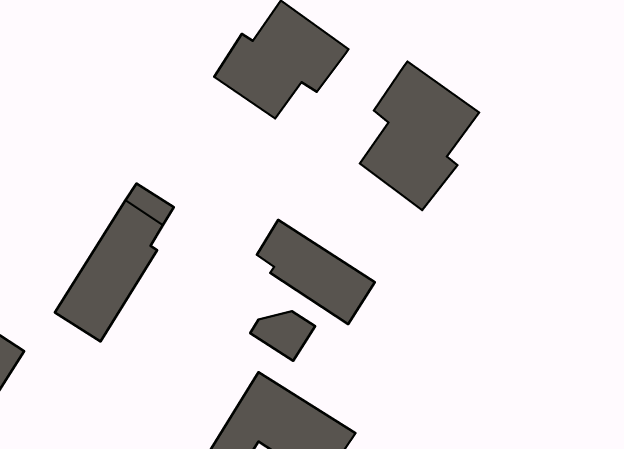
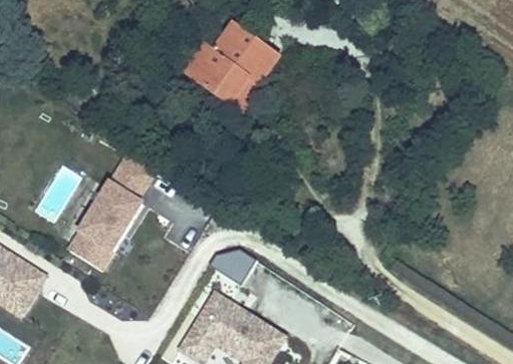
building: [360,61,479,210] -> none
building: [257,220,375,324] -> none

